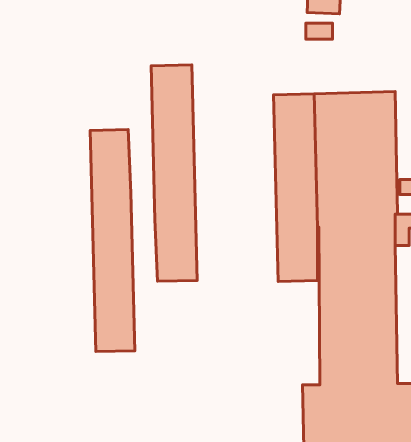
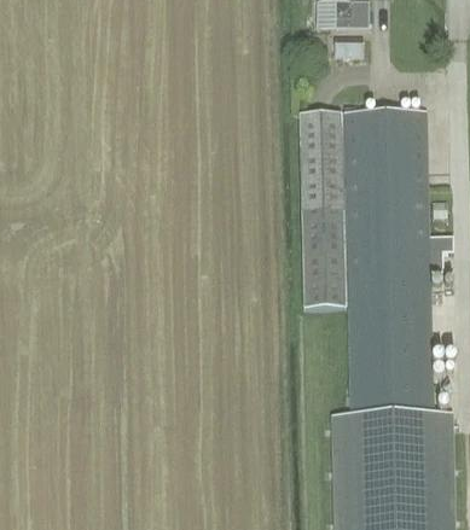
building: [151,65,197,281] -> none
building: [90,130,135,352] -> none

